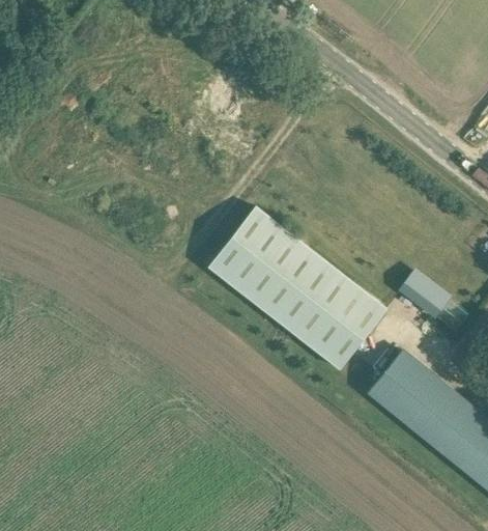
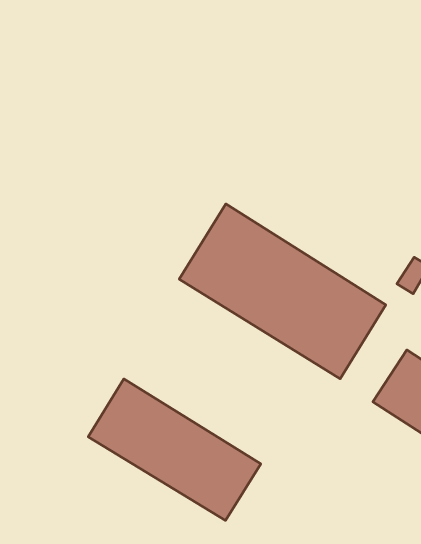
building: none -> [88,379,261,521]

